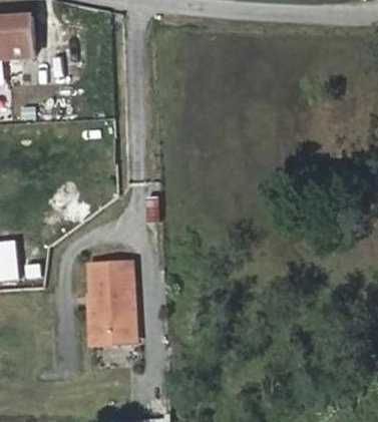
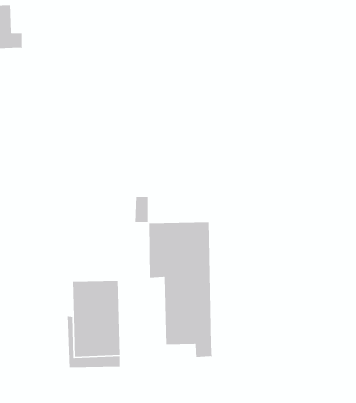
building: none -> [149,222,212,358]

